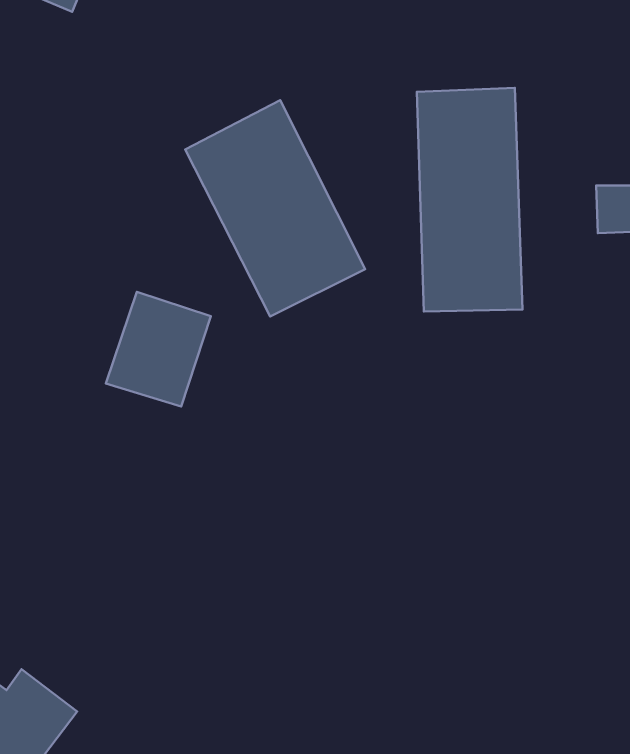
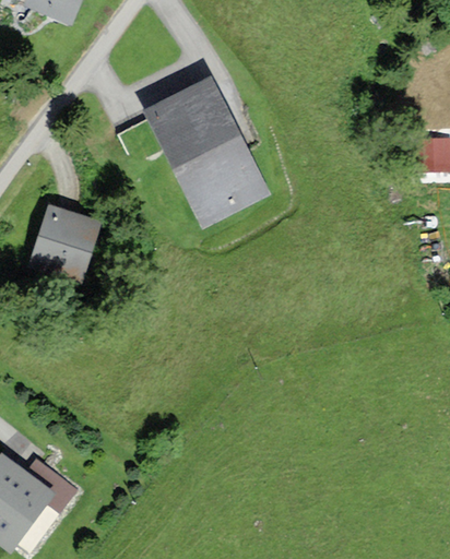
building: [417,88,523,312] -> none
building: [106,292,211,406] -> [28,205,98,282]

